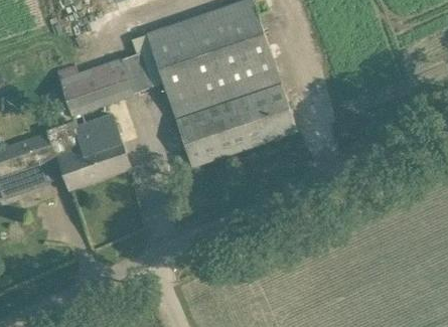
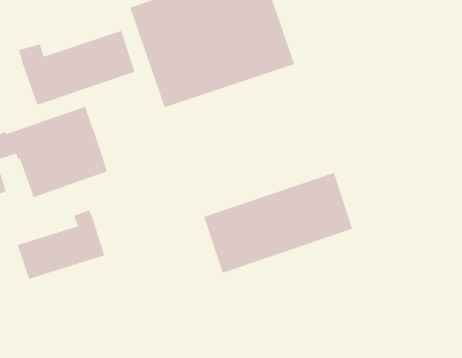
building: [175,85,296,167] -> [203,172,353,274]
building: none -> [17,209,105,280]

